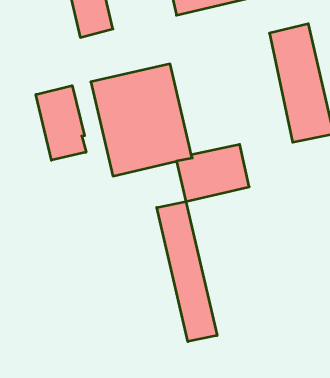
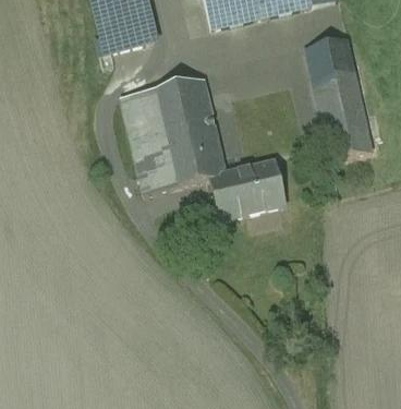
building: [36,86,86,160] -> none
building: [157,202,217,342] -> none

